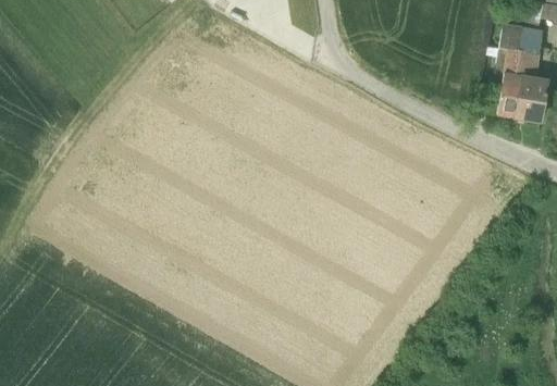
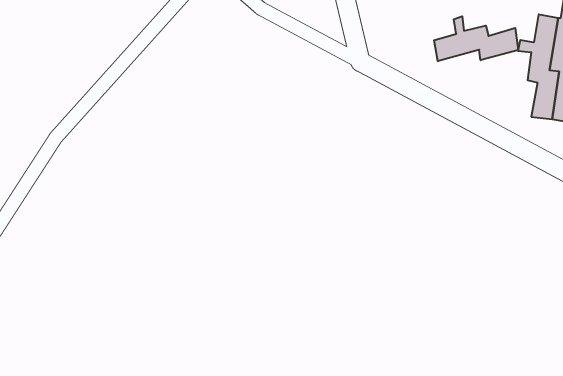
building: none -> [434,16,518,61]

